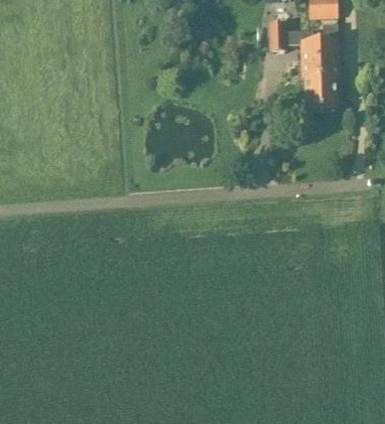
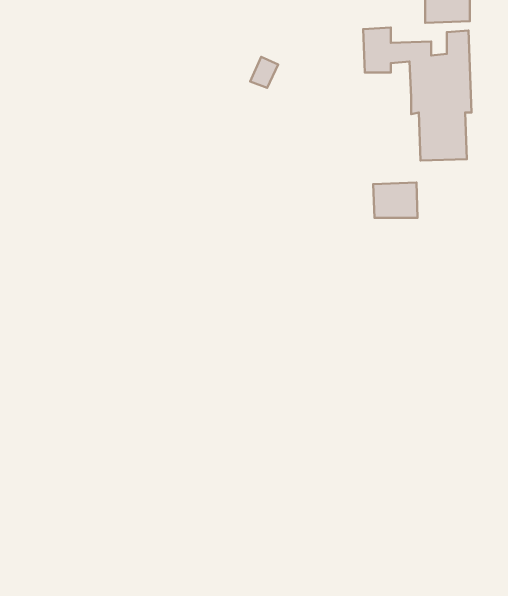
building: none -> [373,183,418,218]

